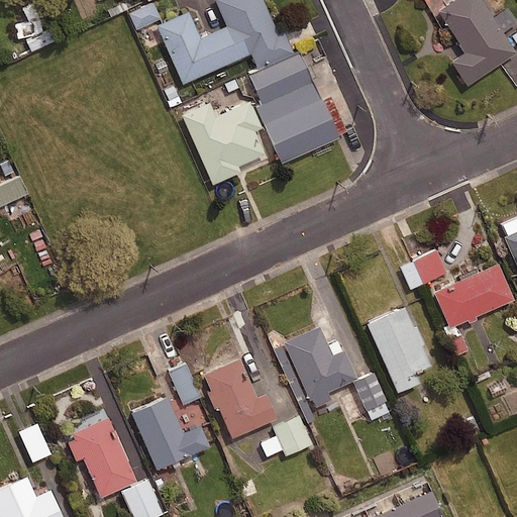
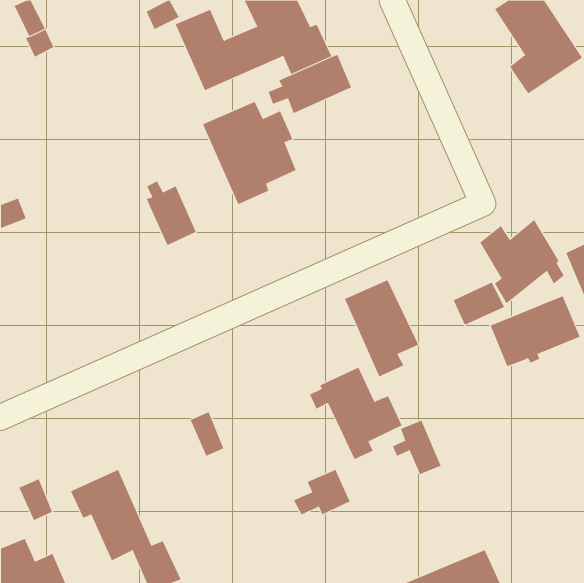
building: [255,81,337,163] -> none
building: none -> [146,180,196,246]
building: none -> [480,219,564,304]
building: [367,306,432,392] -> [344,279,419,377]
building: [203,358,279,437] -> none
building: [131,397,210,469] -> none

